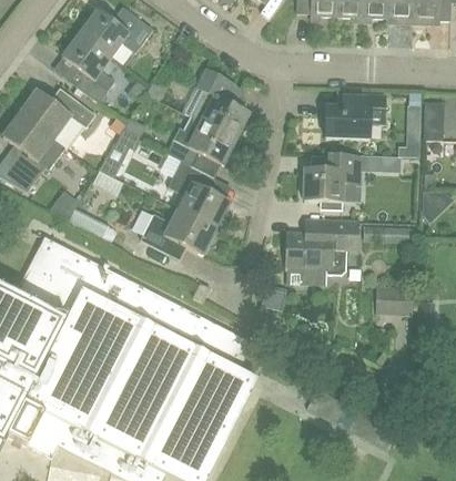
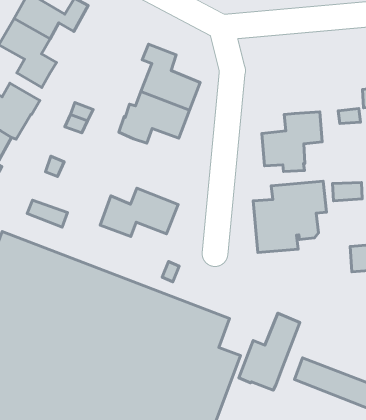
building: [325,92,384,137] -> none
building: [166,160,229,227] -> none
building: none -> [239,313,300,390]

